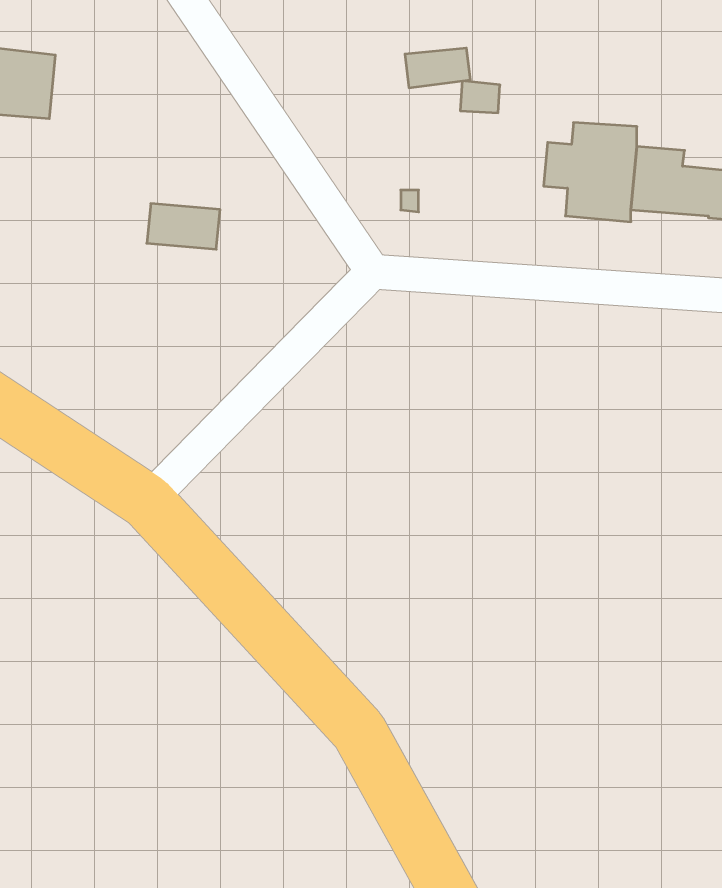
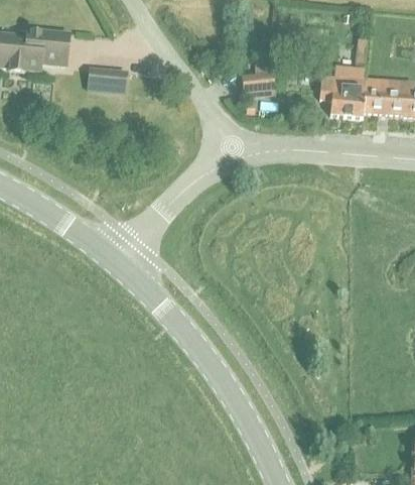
building: [405,48,470,88] -> [241,73,274,93]
building: [147,204,220,249] -> [89,69,126,92]

